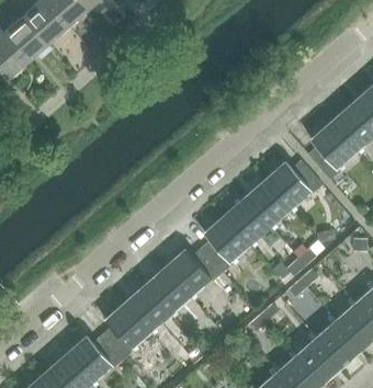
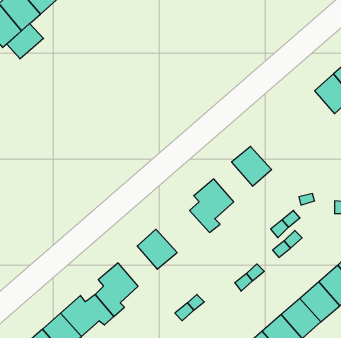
building: none -> [7,24,44,59]
building: [309,123,354,179] -> none
building: [267,160,323,205] -> none
building: [228,197,269,239] -> none
building: [168,248,224,292] -> none
building: [128,285,169,327] -> none

